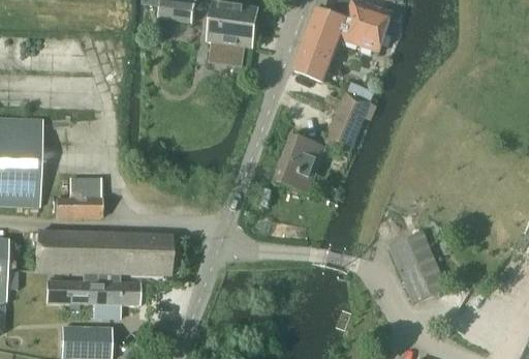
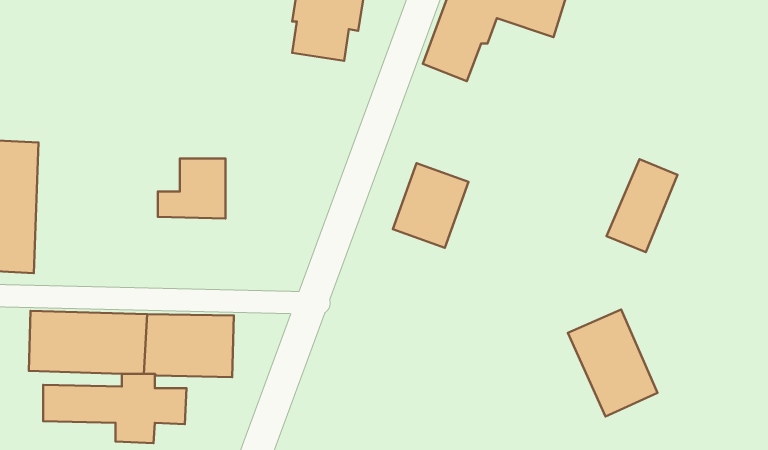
building: [324,92,371,153] -> [607,159,677,252]
building: [55,178,99,217] -> [158,159,225,218]

